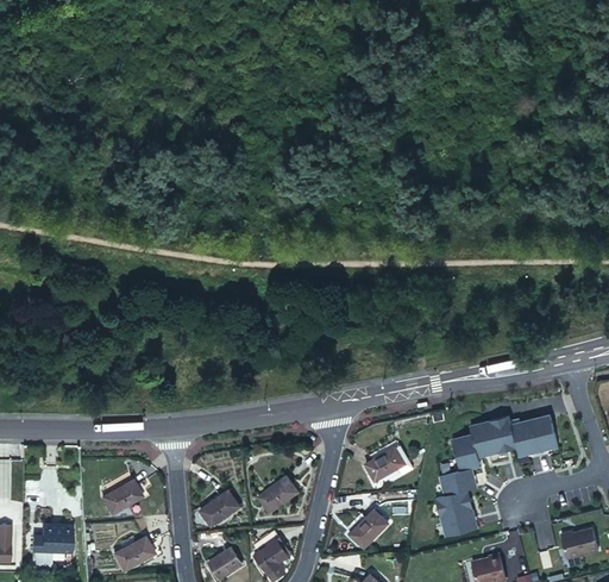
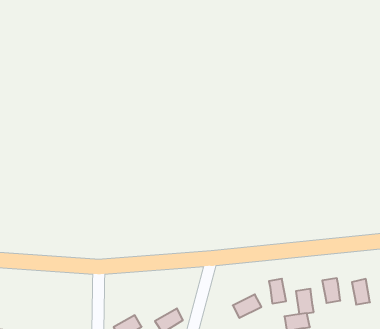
building: [510,420,538,456] -> none
building: [470,421,496,457] -> [269,279,286,303]
building: [103,480,143,513] -> none

